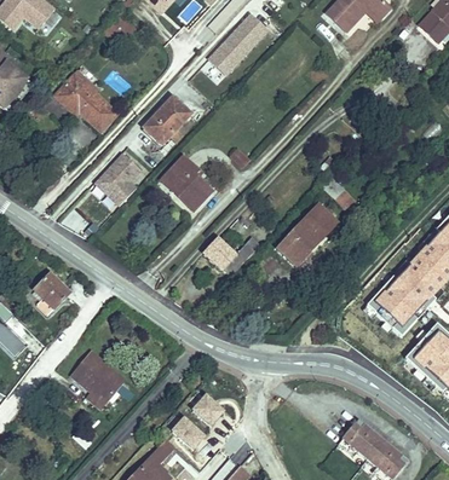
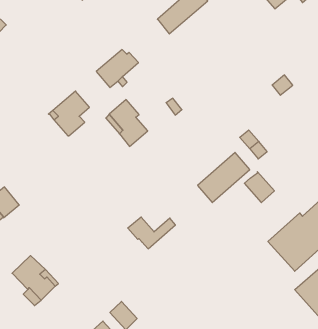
building: [54,70,119,132] -> none
building: none -> [244,172,274,203]
building: [203,236,259,274] -> [128,217,175,249]

